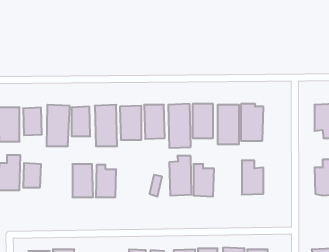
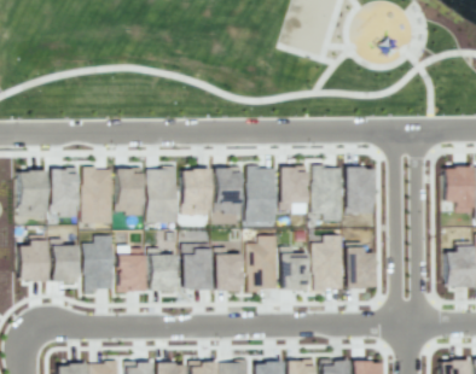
building: none -> [85,235,115,291]
building: none -> [314,235,344,291]
building: none -> [184,251,211,288]

